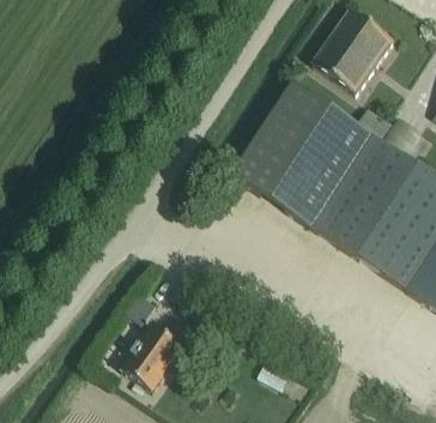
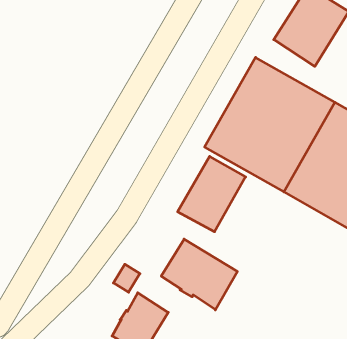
building: none -> [178,156,246,232]
building: none -> [161,239,237,310]

